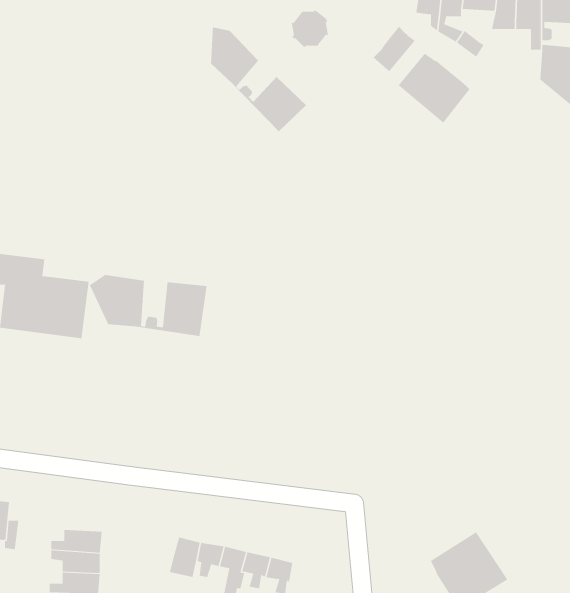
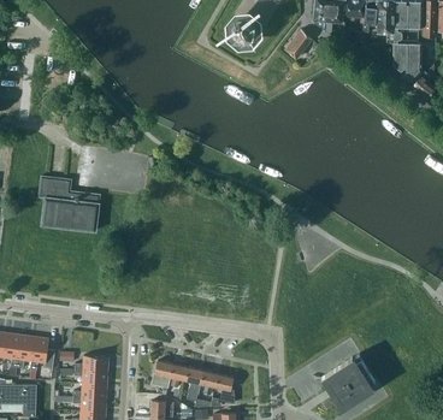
building: [210,26,307,132] -> none
building: [398,53,470,123] -> none
building: [89,274,207,337] -> none

